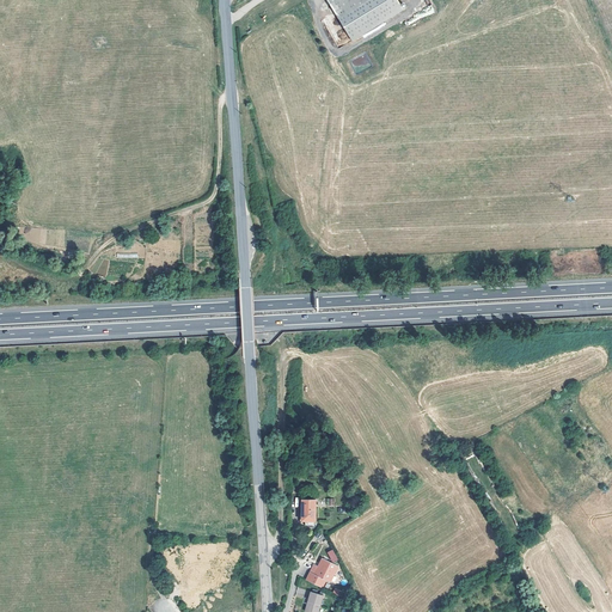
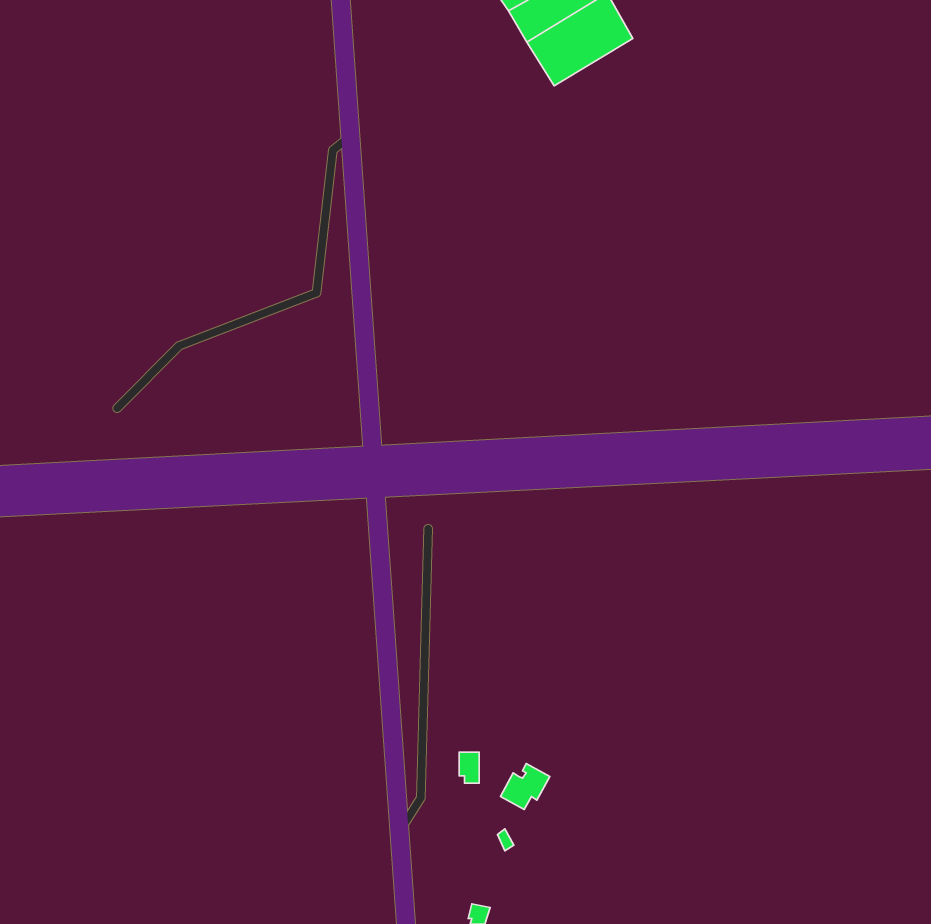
building: [302,556,335,586] -> [500,764,550,809]

